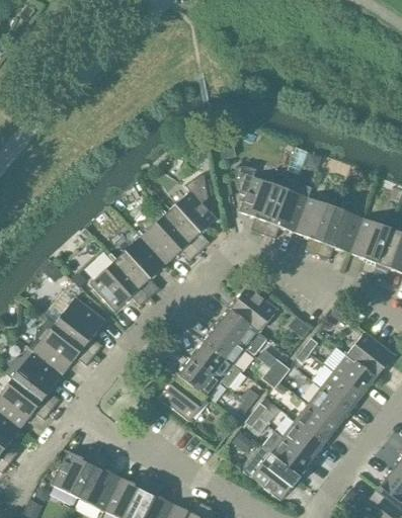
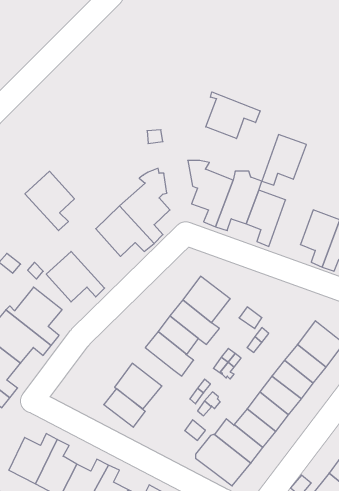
building: none -> [206,92,260,139]
building: [317,207,363,259] -> [262,135,306,185]
building: [114,237,165,297] -> [25,171,74,231]
building: [177,358,220,398] -> [104,389,145,427]

